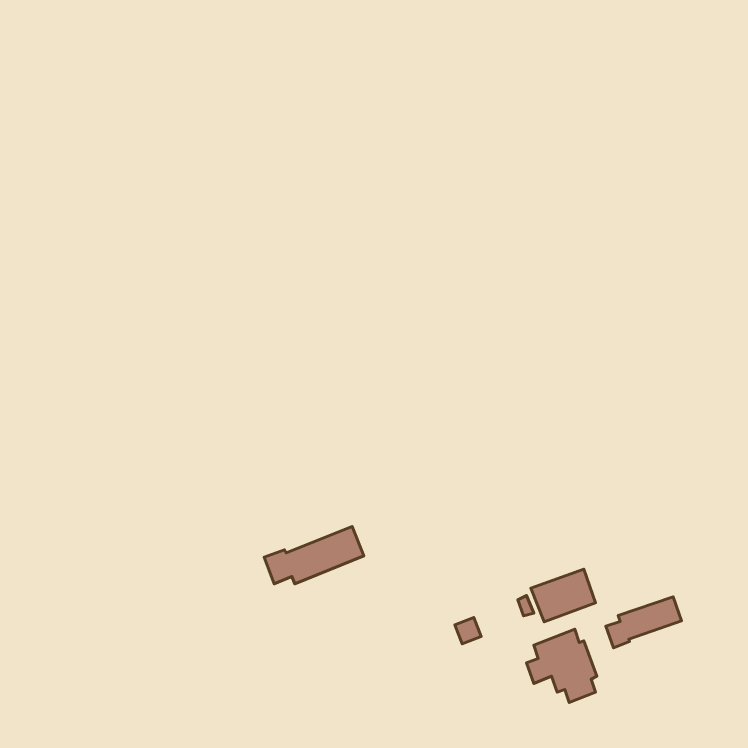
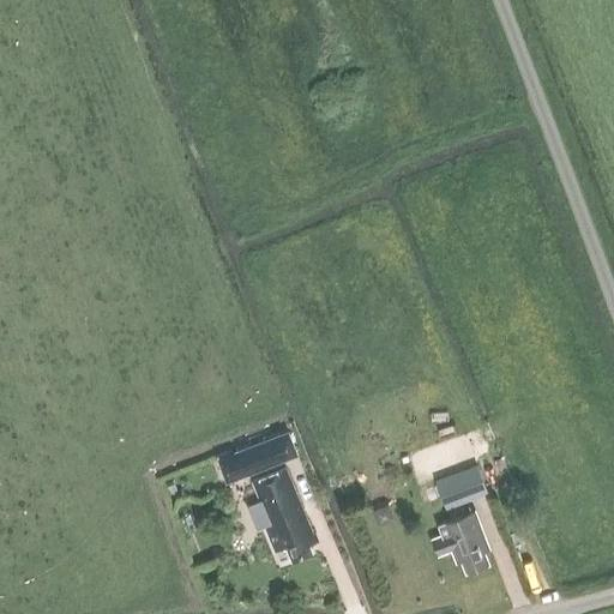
building: none -> [252,469,318,565]
building: [606,597,681,648] -> none

